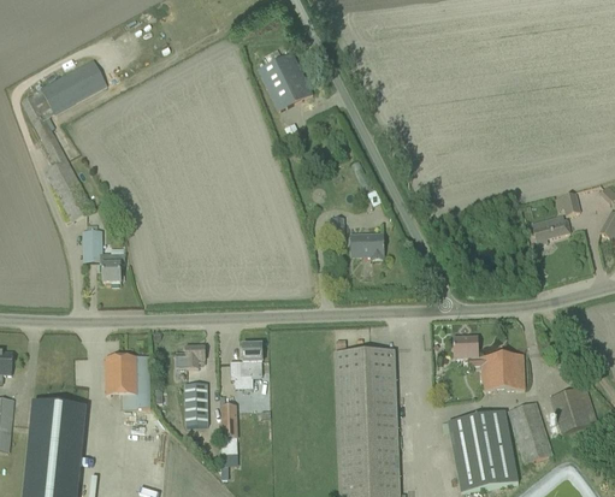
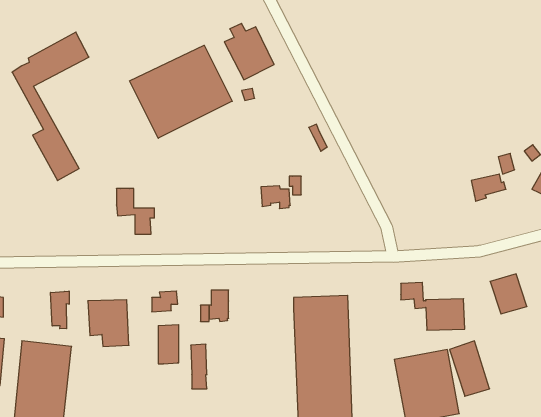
building: none -> [130,45,232,138]
building: [83,230,125,280] -> [116,189,154,234]
building: [351,232,384,258] -> [261,186,290,209]
building: none -> [51,291,69,329]
building: [550,386,591,431] -> [490,274,527,314]

